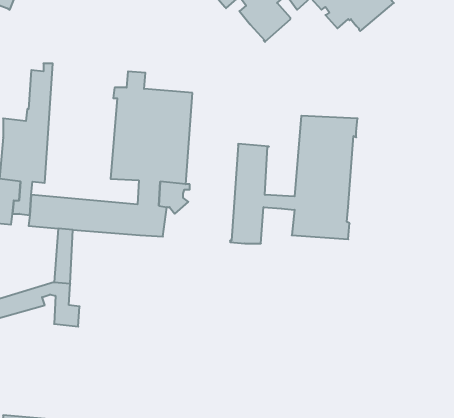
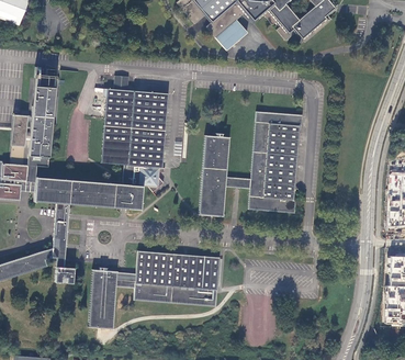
building: none -> [88,249,221,328]

